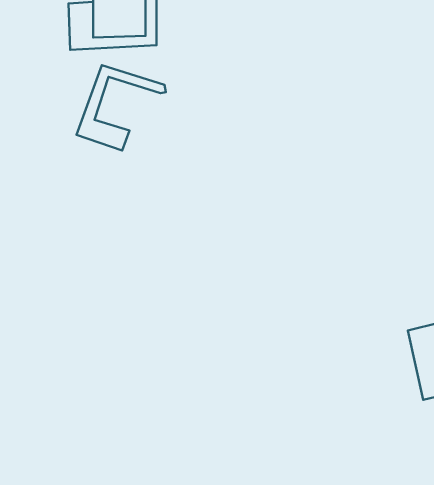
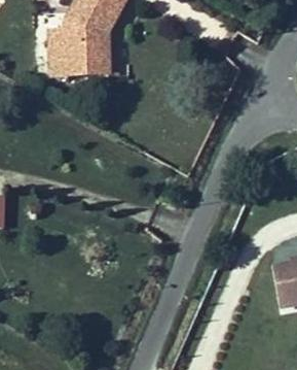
building: [77,65,166,150] -> none

